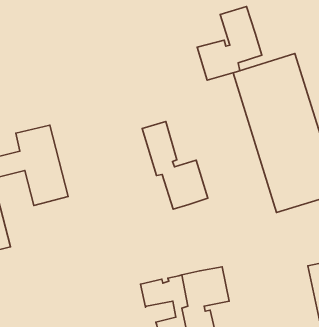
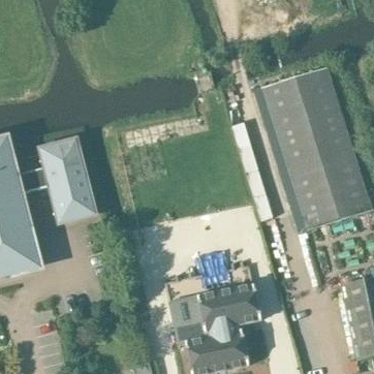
building: [197,6,262,80] -> none
building: [142,122,208,209] -> none

